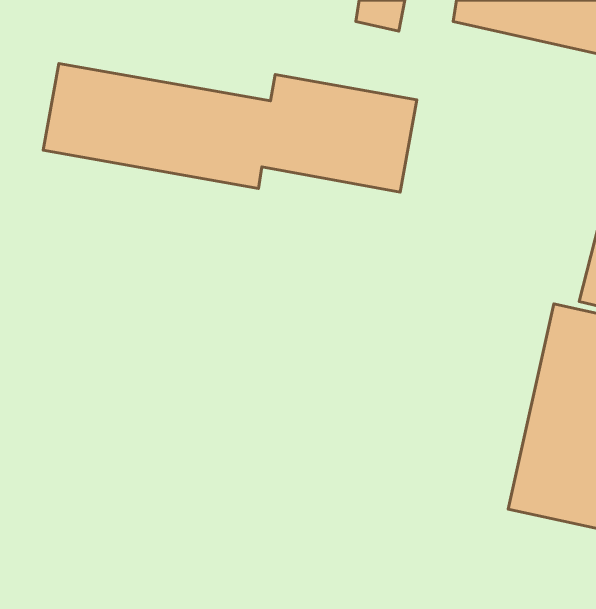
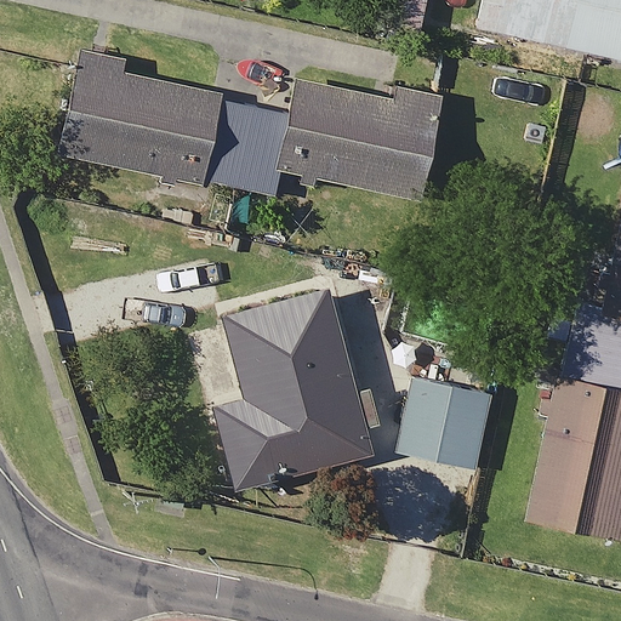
building: none -> [210,292,382,488]
building: none -> [403,381,494,468]

